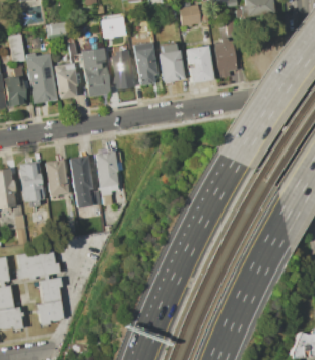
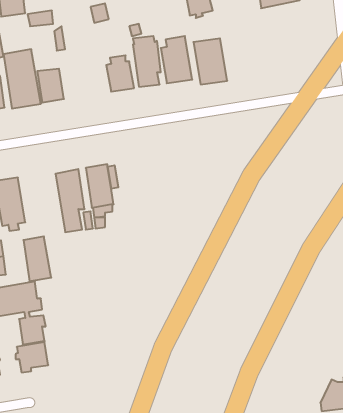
building: [214,41,238,78] -> none
building: [81,47,112,96] -> none
building: [46,160,69,197] -> [23,236,51,281]

